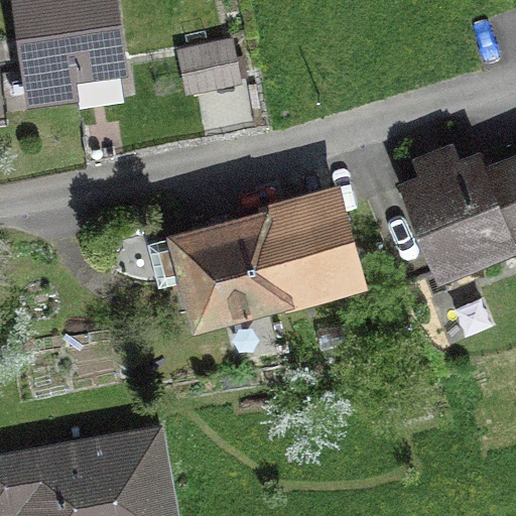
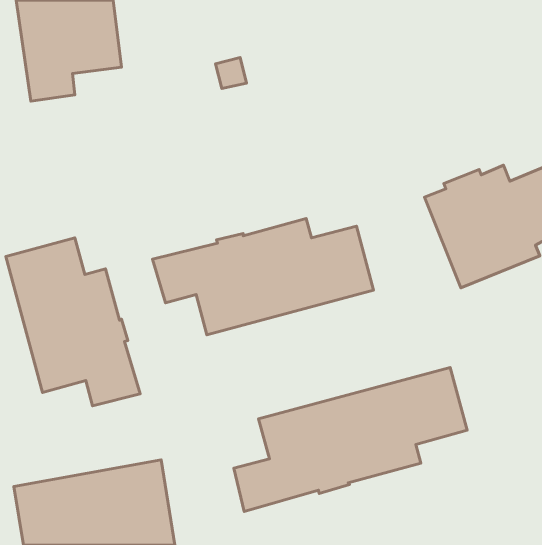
building: none -> [6,238,140,406]
building: none -> [234,367,467,512]

